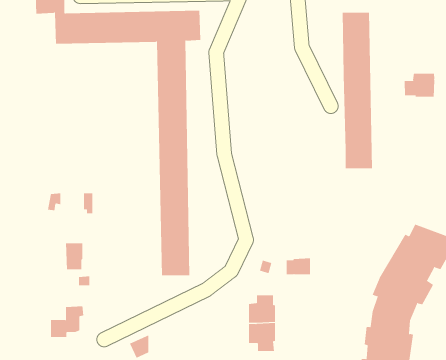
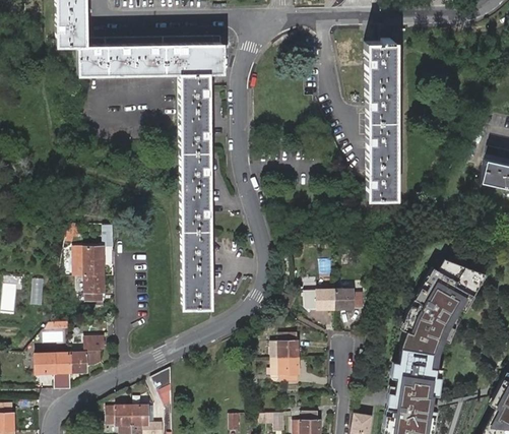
building: [404,73,435,98] -> none
building: none -> [75,250,106,278]
building: none -> [337,293,366,310]
building: none -> [41,356,72,375]

